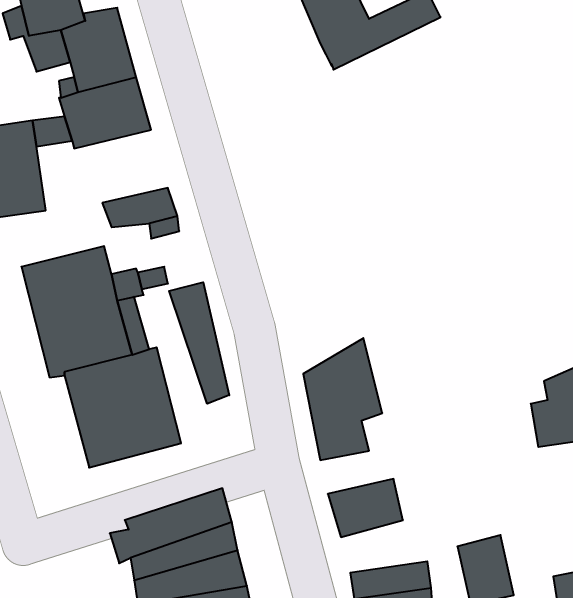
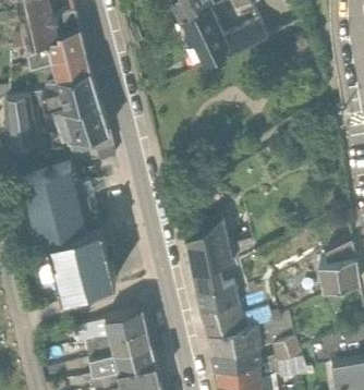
building: none -> [53,103,108,146]
building: [169,282,229,404] -> none
building: none -> [196,287,239,315]
building: none -> [208,328,262,361]

